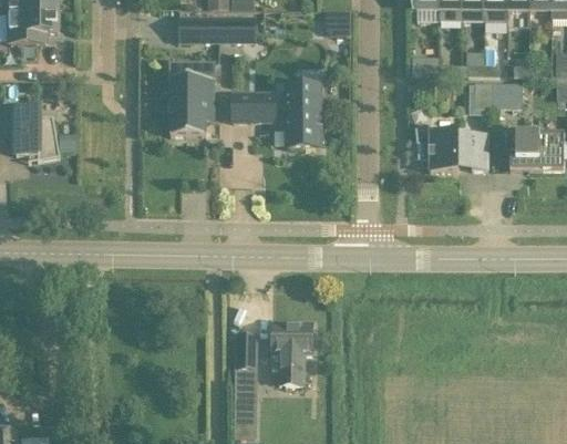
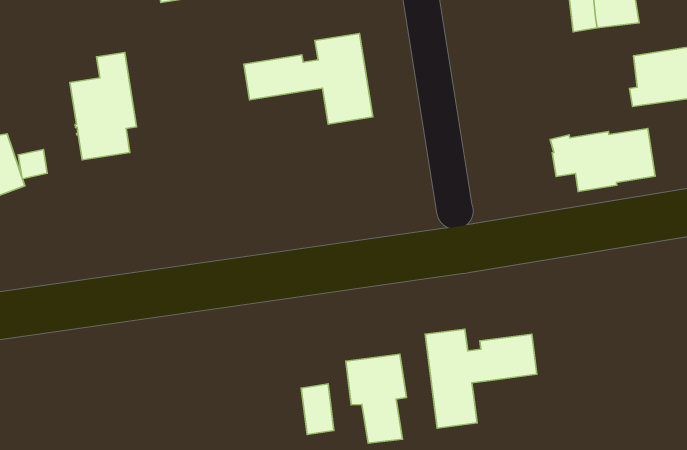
building: [168,61,213,134] -> [70,52,137,160]
building: [414,128,486,171] -> [550,128,655,191]
building: none -> [425,329,537,428]

